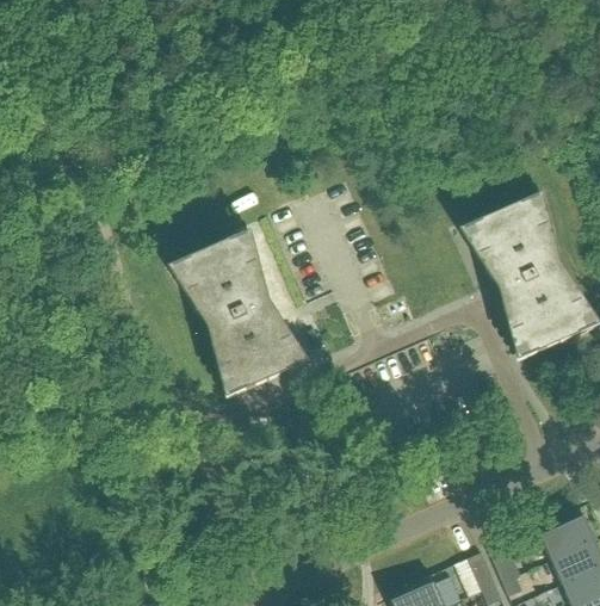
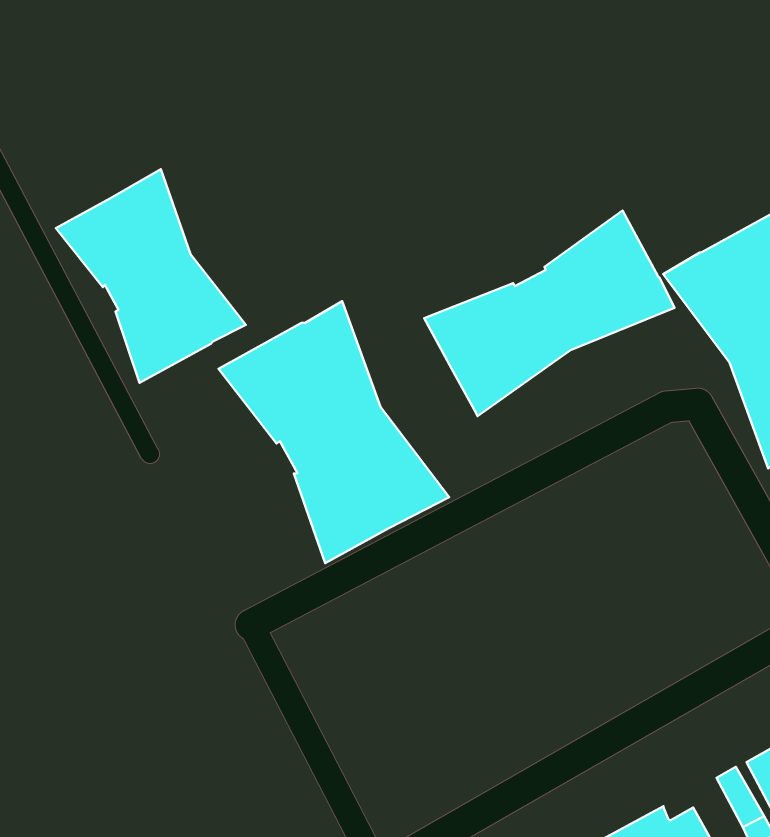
building: none -> [56,169,246,383]
building: none -> [424,211,674,416]

